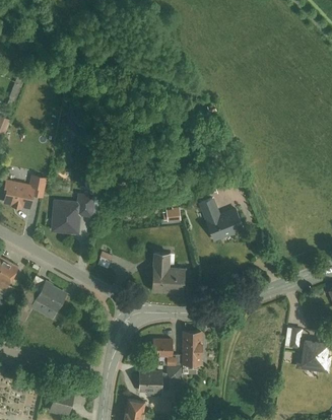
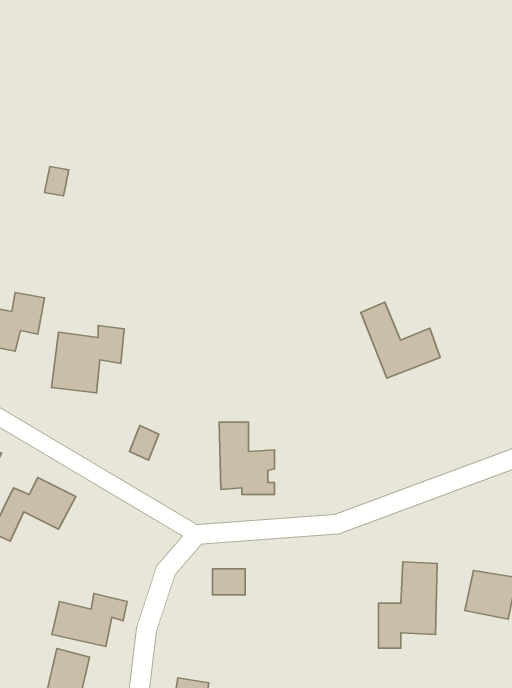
building: [196,196,243,240] -> [361,302,440,378]
building: [168,330,202,380] -> [379,562,437,648]
building: none -> [52,593,127,647]
building: [140,370,162,398] -> none

